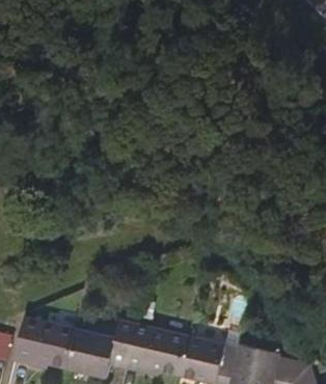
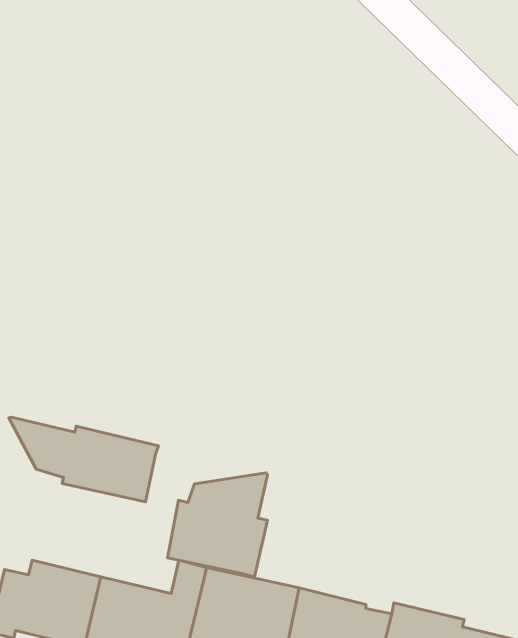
building: none -> [9,417,159,502]
building: none -> [168,473,268,577]

